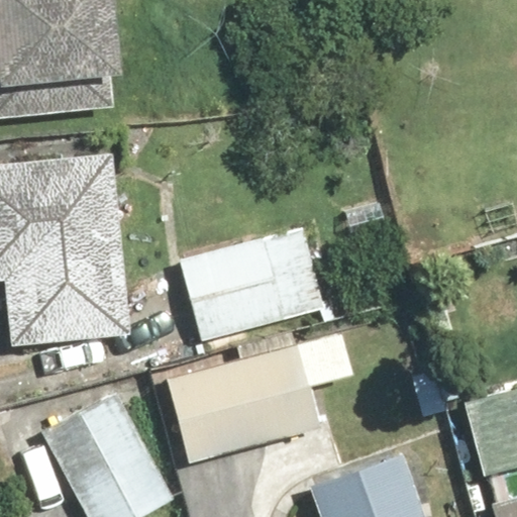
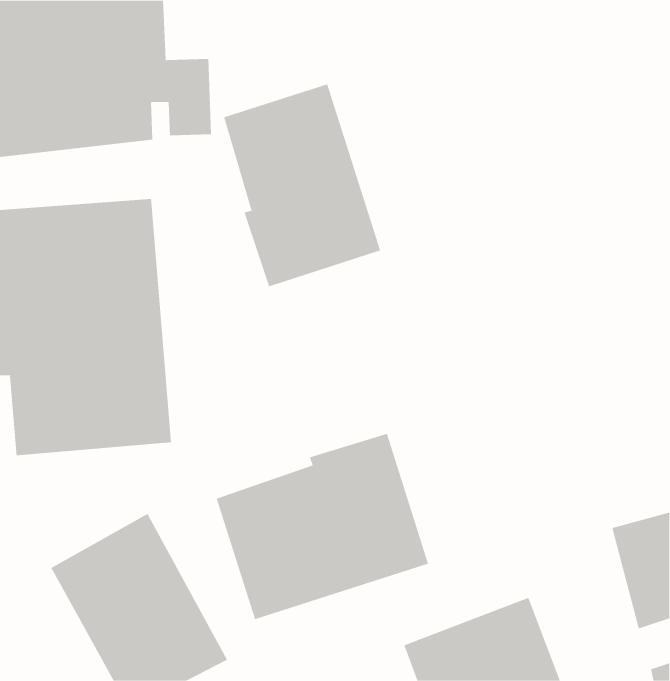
building: none -> [223,83,381,287]
building: [177,222,326,344] -> none

